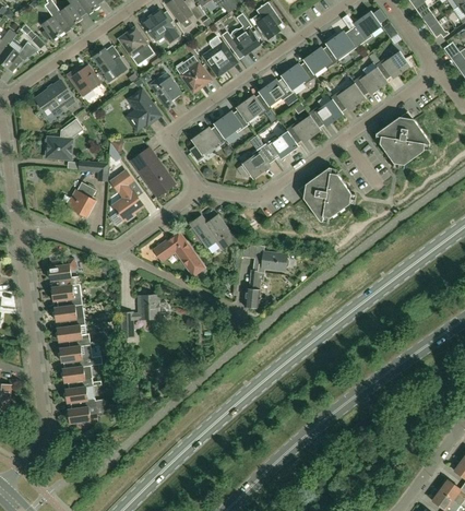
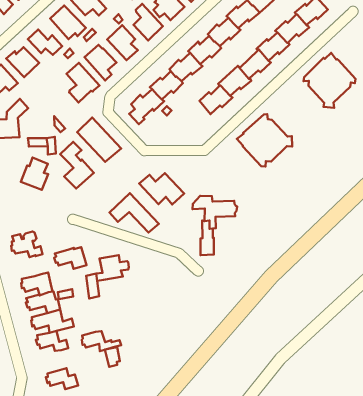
building: [236,144,273,178] -> none
building: [49,284,82,306] -> [54,247,86,269]
building: [63,387,104,407] -> [82,331,121,351]

